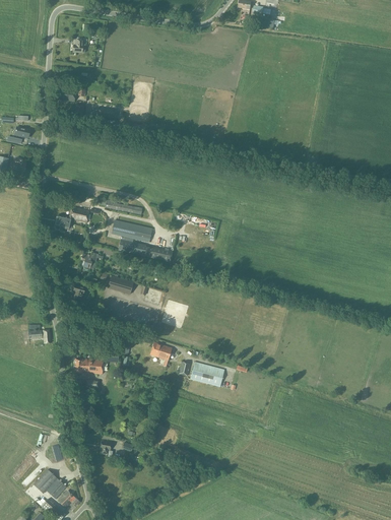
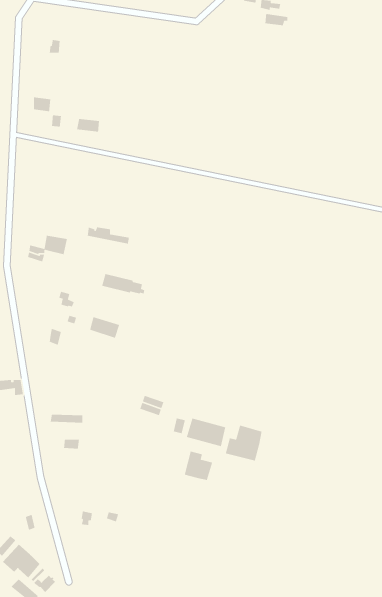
building: [112,219,152,243] -> none
building: none -> [225,424,262,461]
building: none -> [184,451,213,481]

